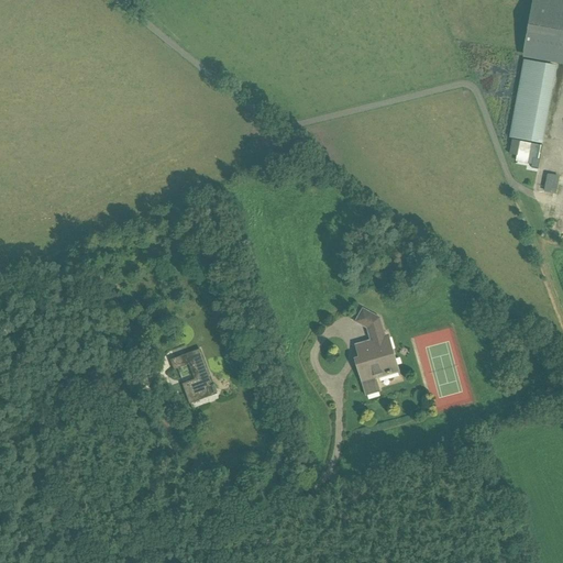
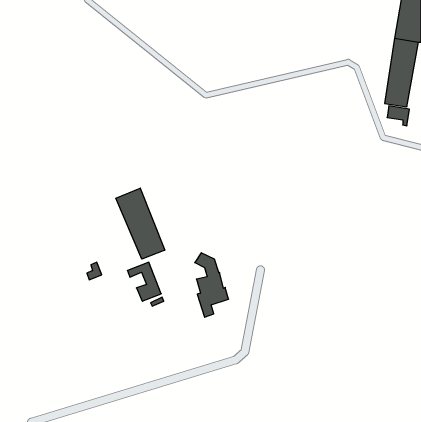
building: none -> [116,188,165,259]
building: [352,308,397,394] -> [195,253,229,317]

